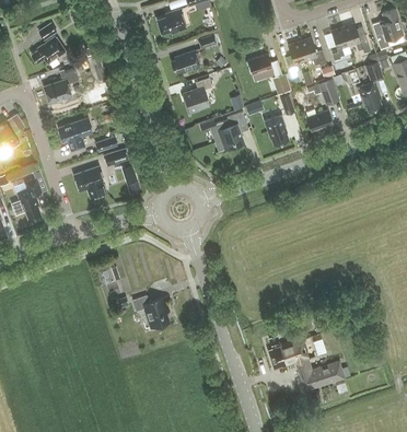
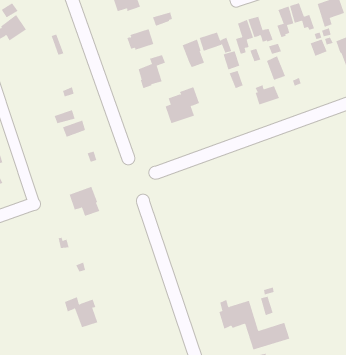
building: [44,66,79,103] -> none
building: [357,81,381,110] -> none
building: [264,114,288,144] -> [182,39,205,68]
building: [57,117,92,151] -> none
building: [73,165,106,197] -> [69,186,100,216]
building: [132,294,168,327] -> [64,297,98,328]

